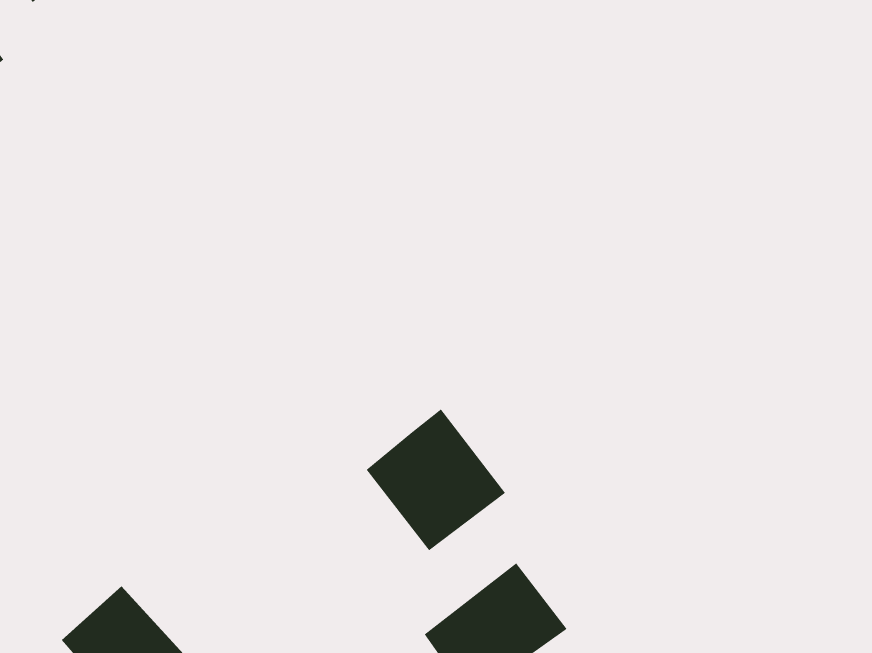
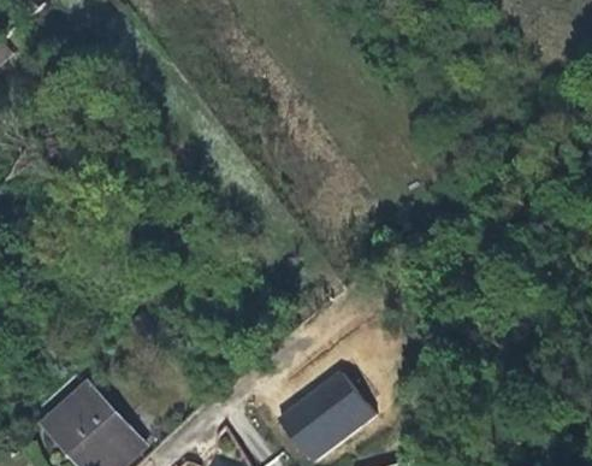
building: [366,408,506,551] -> none

